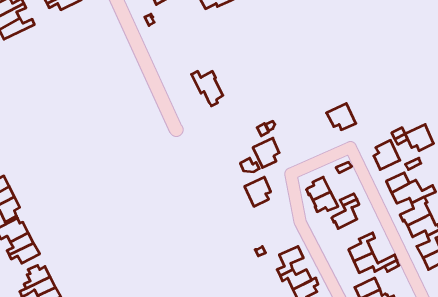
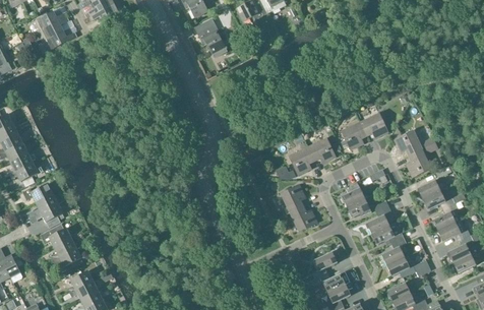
building: [191,71,223,106] -> [194,23,225,57]
building: none -> [342,122,367,149]
building: [405,124,434,151] -> [395,130,422,156]
building: none -> [308,137,336,164]
building: none -> [290,205,318,231]
building: none -> [371,223,405,244]

